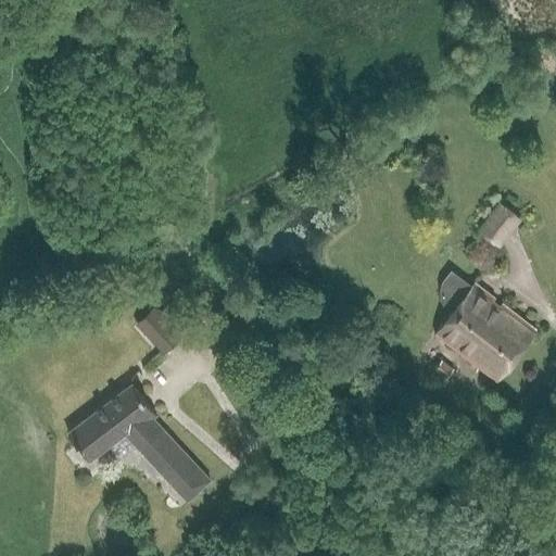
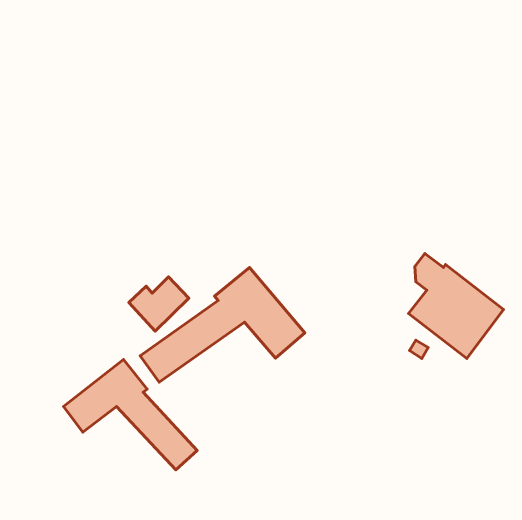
building: [476,202,522,250] -> none
building: none -> [140,267,305,382]

